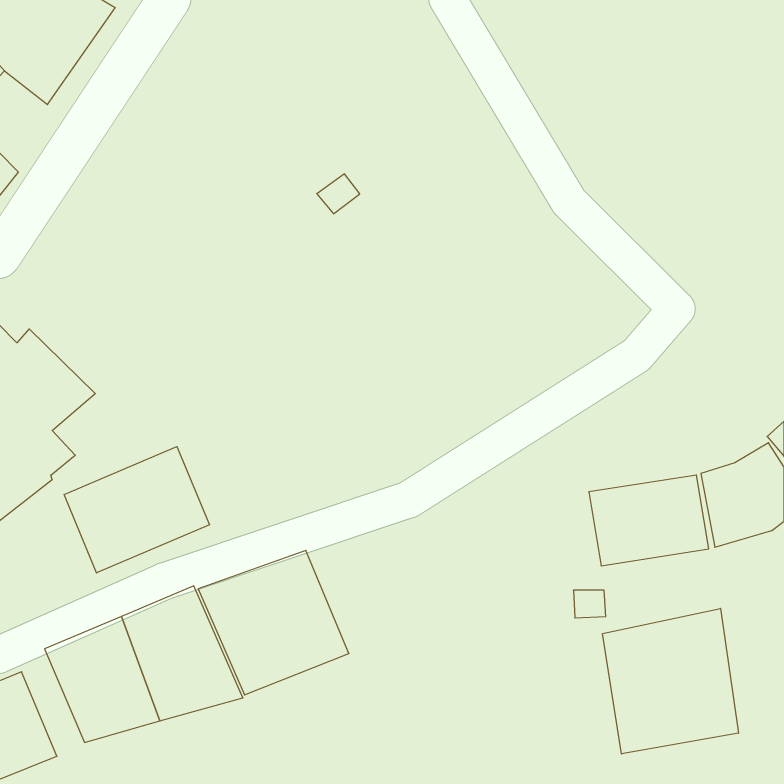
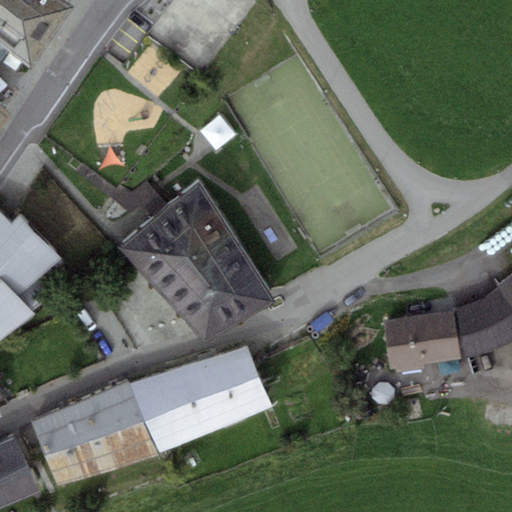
building: none -> [118,183,271,342]
building: [64,447,209,573] -> none
building: none -> [199,344,274,425]
building: [603,608,738,754] -> none

